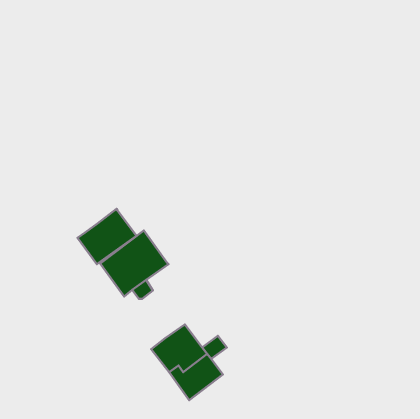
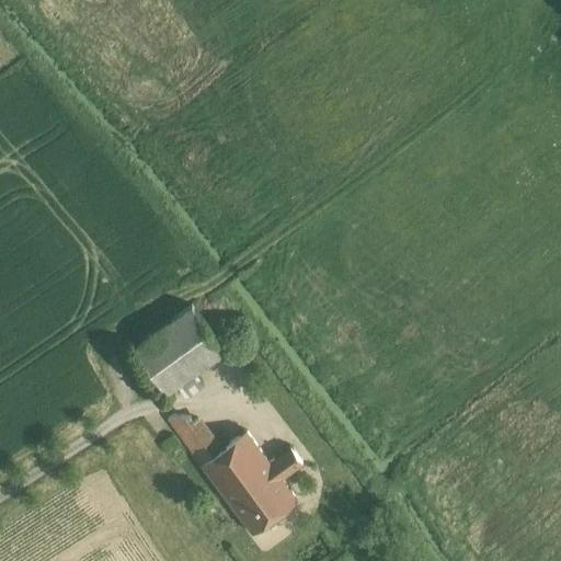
building: [77,209,137,264] -> none
building: none -> [168,419,220,467]

